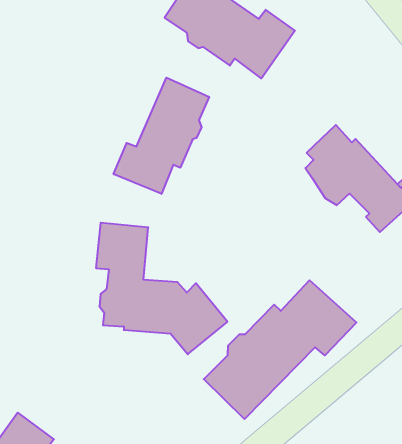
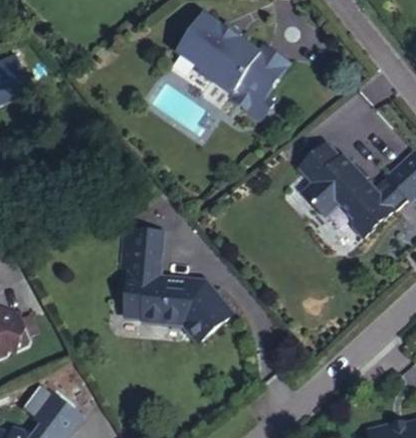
building: [114,78,209,194] -> none
building: [204,280,356,419] -> none

